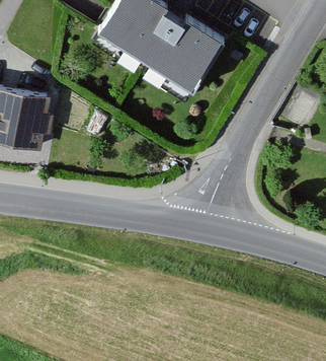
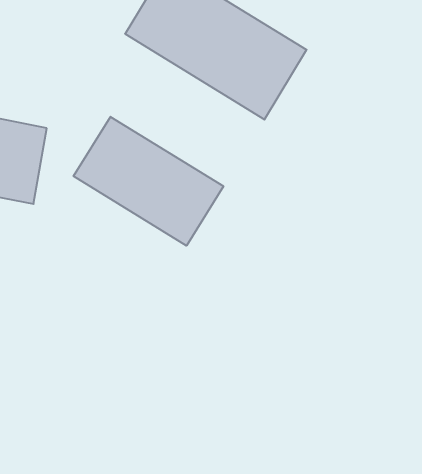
building: none -> [74,117,223,246]

